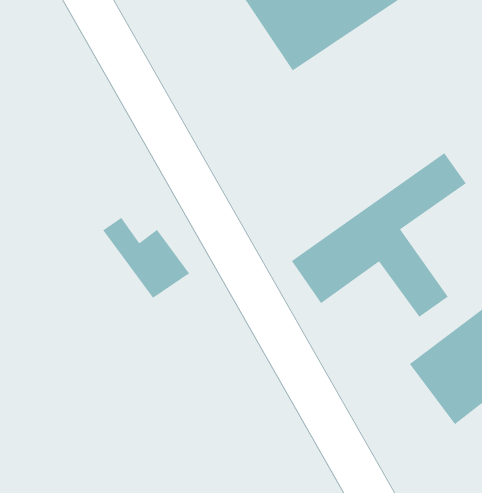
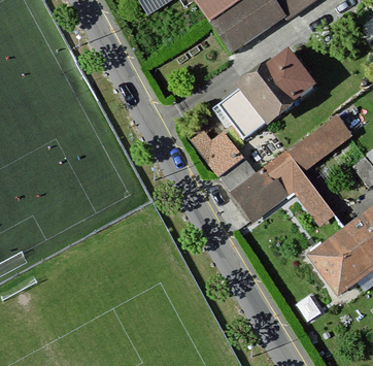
building: none -> [222,49,323,132]
building: [102,217,190,299] -> [181,119,242,175]

